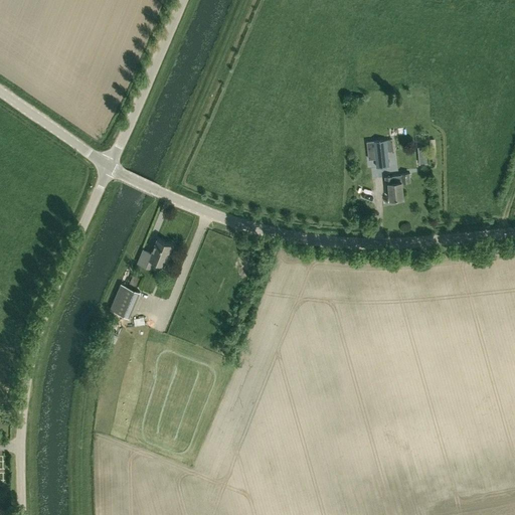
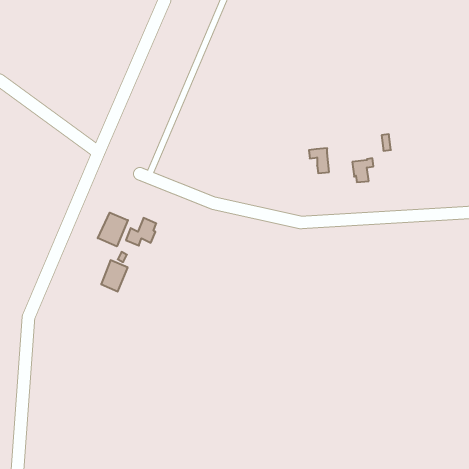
building: [366,141,388,168] -> [309,148,329,173]
building: none -> [98,213,128,246]

